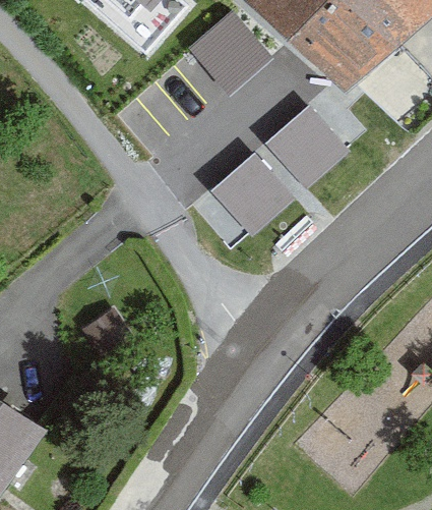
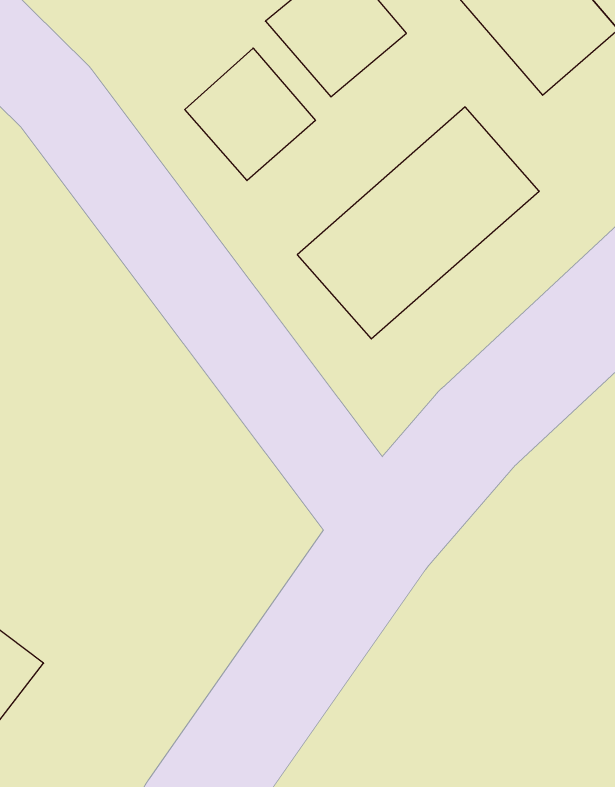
building: none -> [185,48,315,181]

